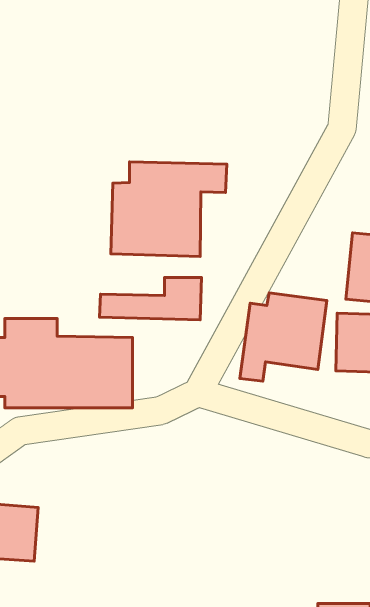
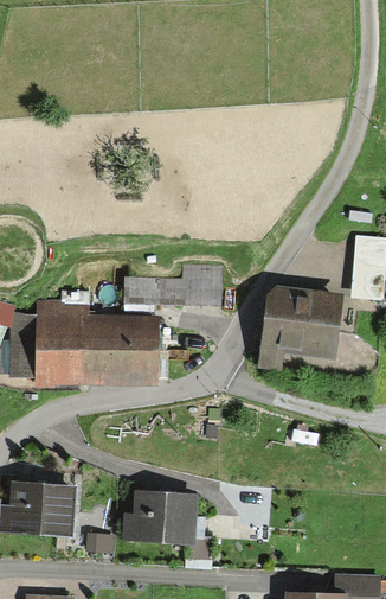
building: [111,162,227,256] -> none
building: none -> [122,489,214,556]

